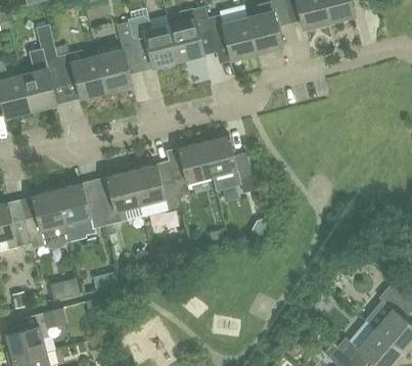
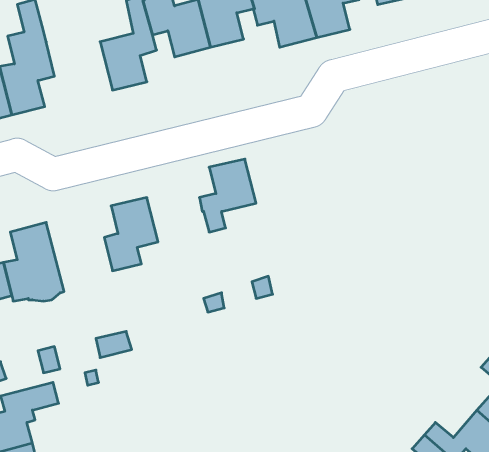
building: [56,50,105,99] -> none
building: [203,137,255,193] -> none
building: [131,166,180,210] -> none
building: [56,184,105,241] -> none

